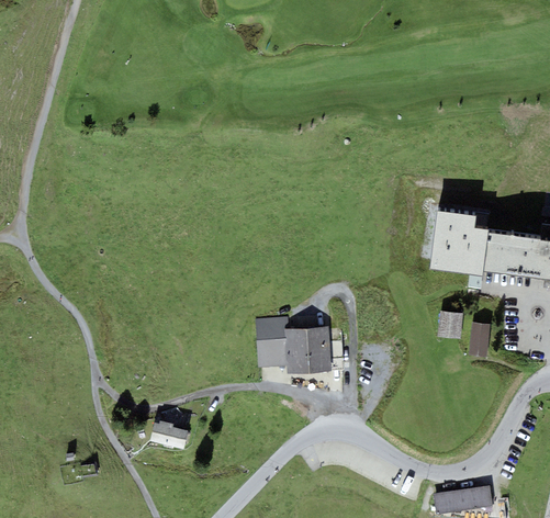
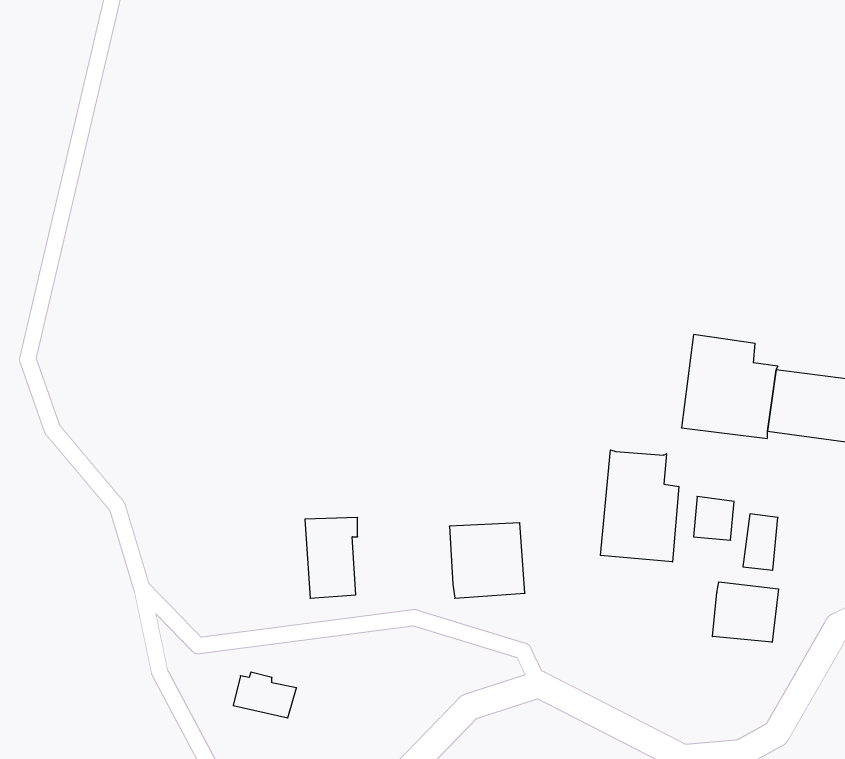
building: none -> [600,450,679,562]
building: [255,317,288,368] -> [305,517,358,598]
building: none -> [712,582,778,642]

